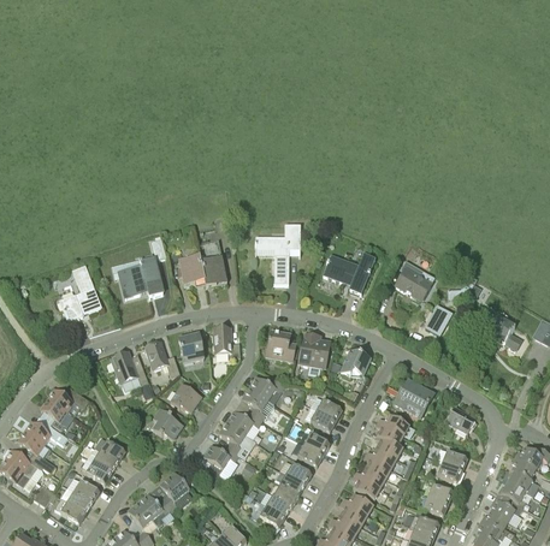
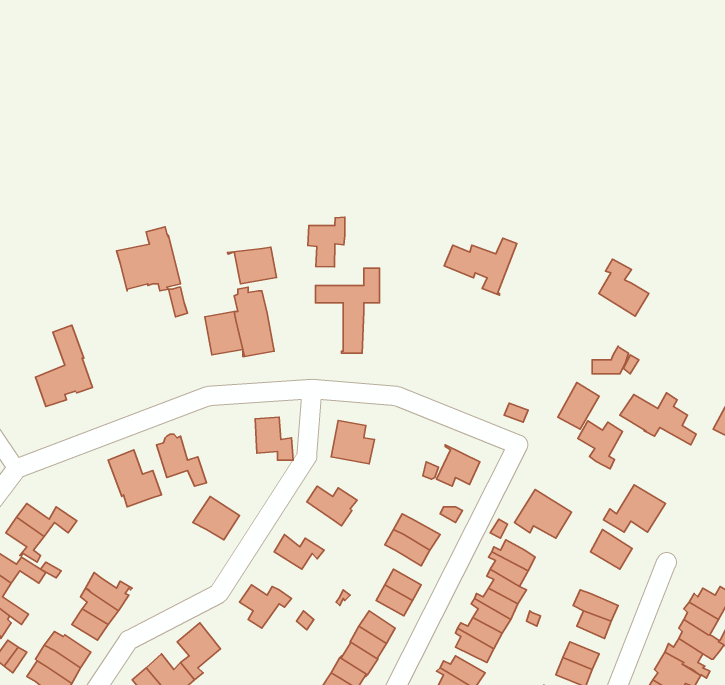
building: none -> [308,217,345,267]
building: none -> [227,247,277,284]
building: [118,251,162,296] -> [117,227,181,291]
building: [323,254,373,293] -> [444,238,517,295]
building: [396,260,431,299] -> [599,259,649,316]
building: none -> [578,421,622,469]
building: [178,332,203,361] -> none
building: [298,332,330,375] -> none
building: none -> [604,485,665,532]
building: [241,386,274,420] -> none
building: [153,408,183,440] -> none
building: [218,421,255,453] -> none

